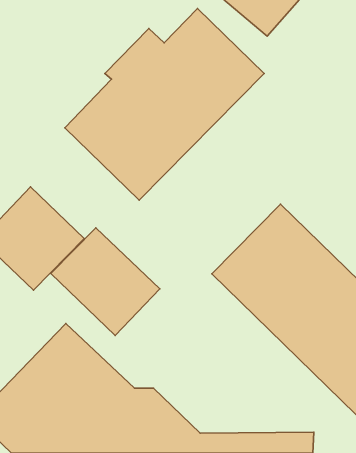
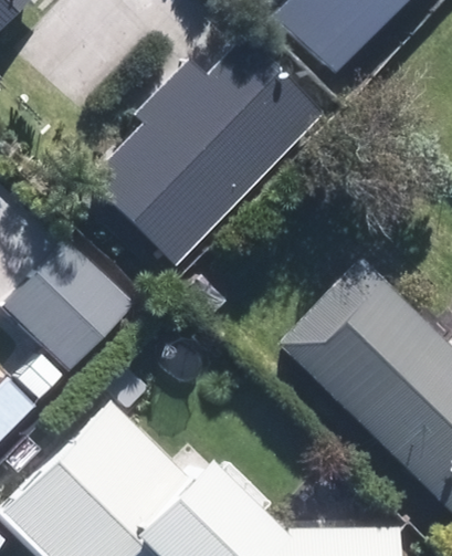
building: [51,228,160,335] -> none

